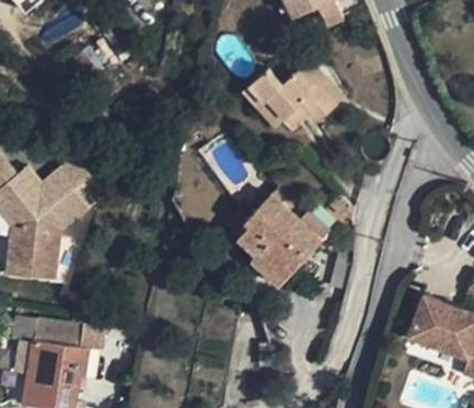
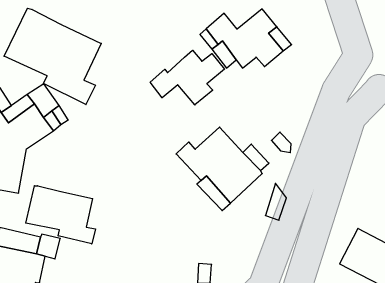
building: none -> [4,8,101,105]
building: none -> [150,50,225,105]
building: none -> [26,186,95,244]

